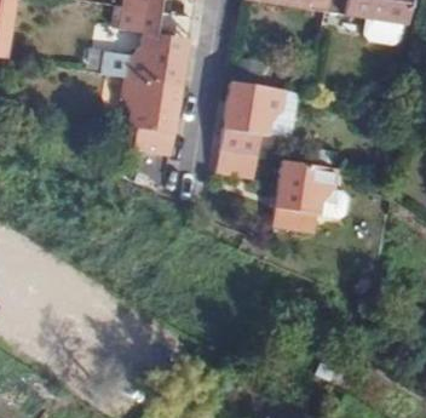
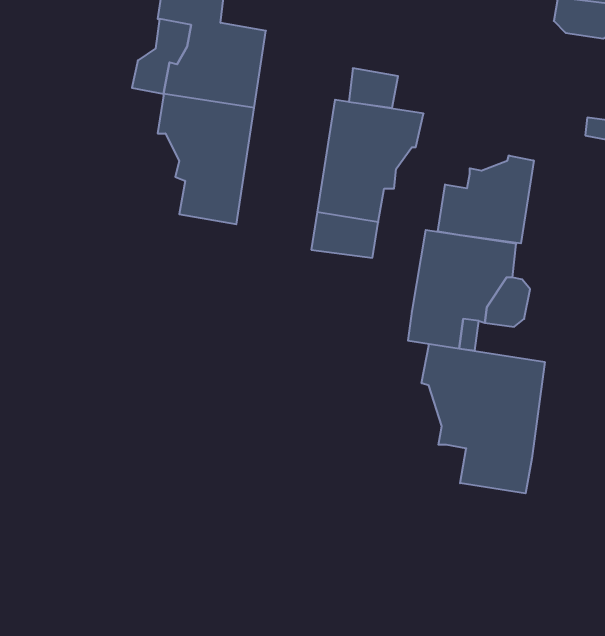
building: none -> [438,155,534,243]
building: none -> [422,344,545,493]

